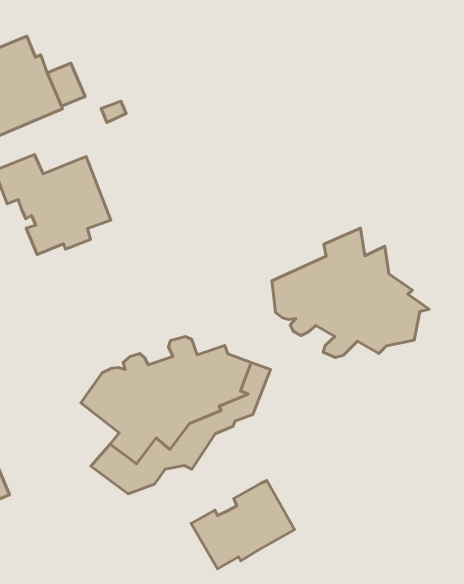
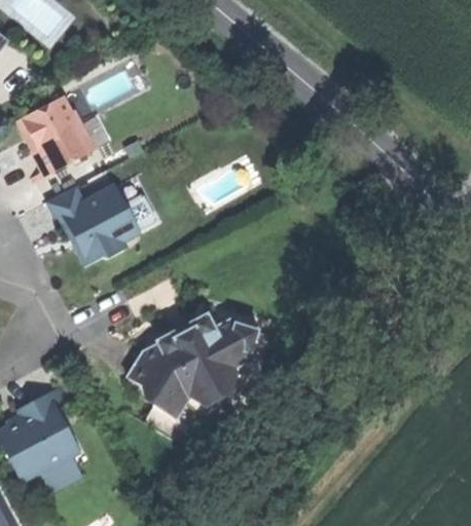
building: [272,228,429,358] -> none
building: [191,481,294,569] -> none

